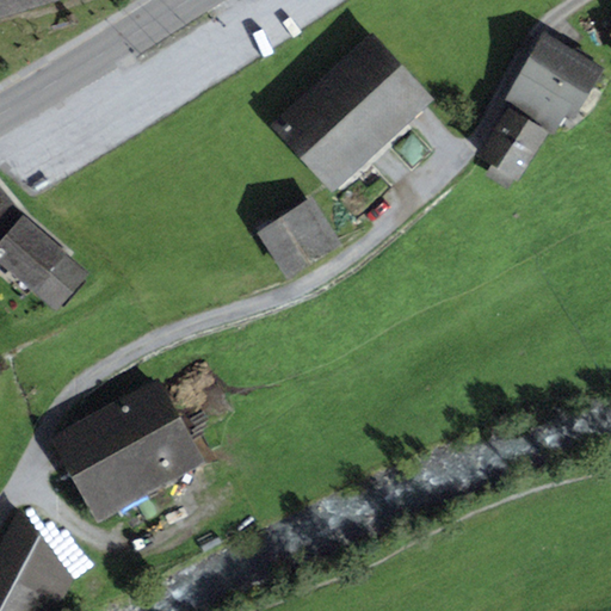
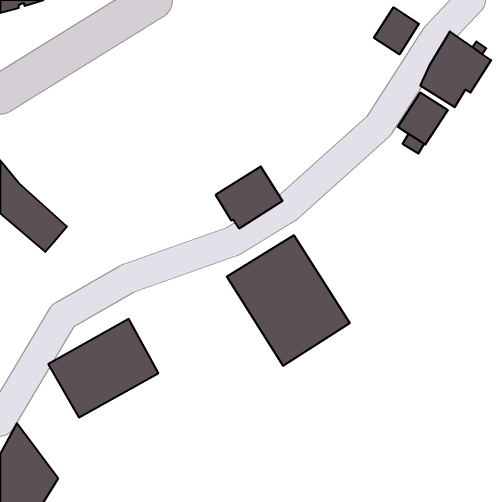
building: none -> [374,7,419,54]
building: [280,44,421,181] -> none
building: none -> [227,235,350,366]

